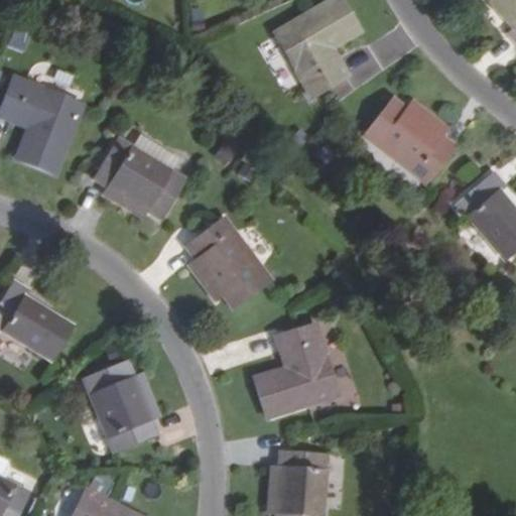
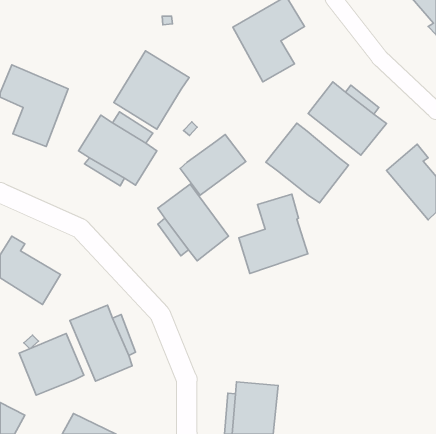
building: none -> [114,51,189,129]
building: none -> [266,123,349,203]
building: none -> [180,134,246,195]
building: [254,325,336,418] -> [239,194,308,274]
building: none -> [19,333,84,395]

